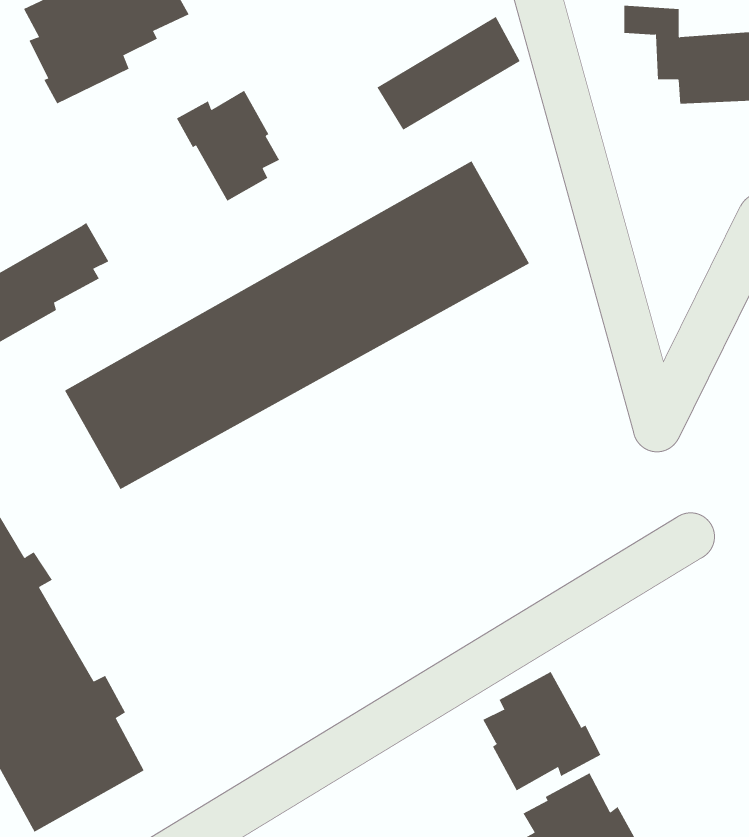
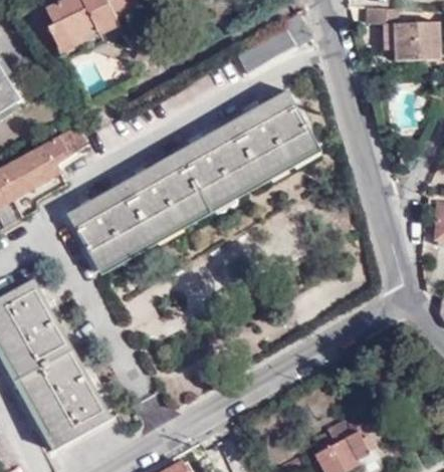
building: [176,90,280,201] -> none
building: [483,671,601,791] -> none

